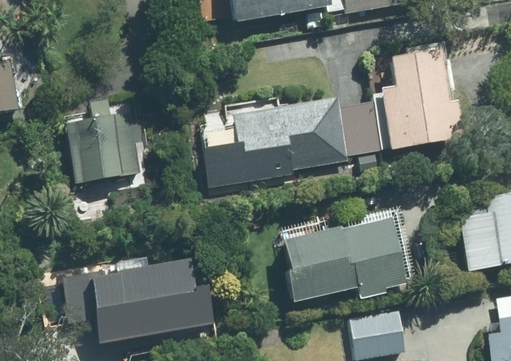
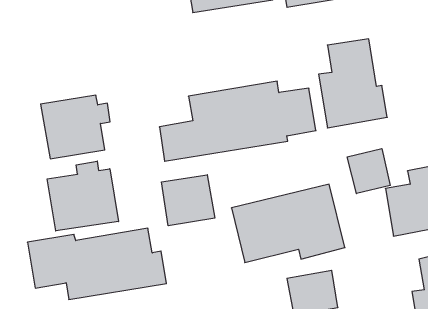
building: none -> [347,149,390,194]
building: none -> [47,161,118,231]
building: none -> [162,175,215,226]

